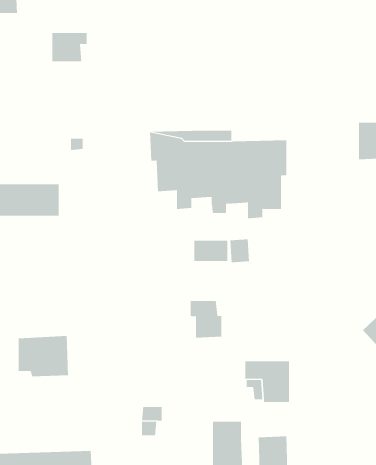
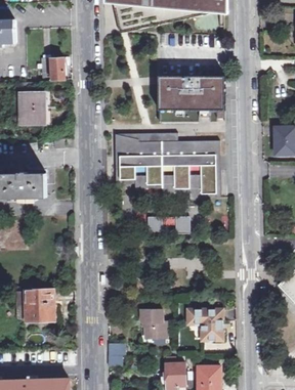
building: none -> [159,75,226,118]
building: none -> [18,83,45,125]
building: [190,301,222,338] -> [141,310,166,339]

